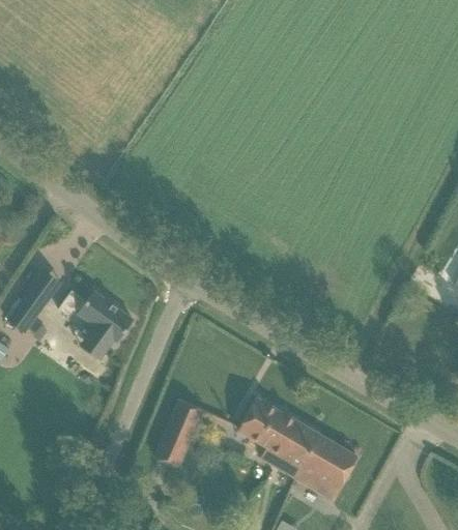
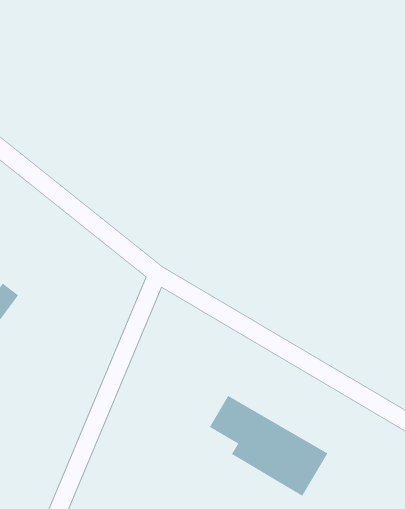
building: [57,290,132,352] -> none
building: [154,400,201,466] -> none

